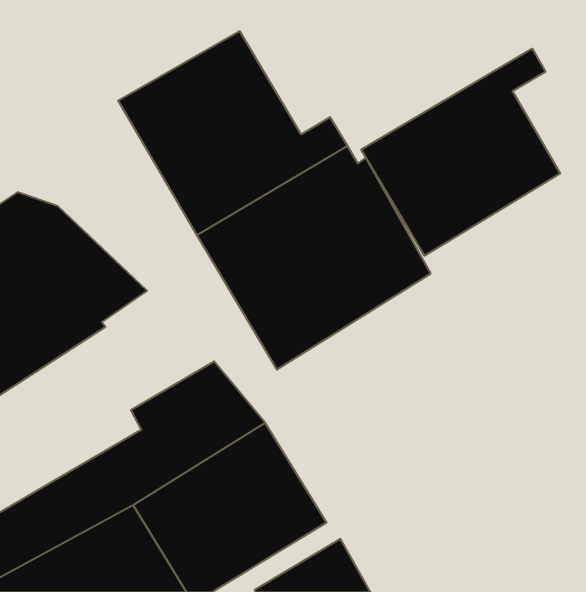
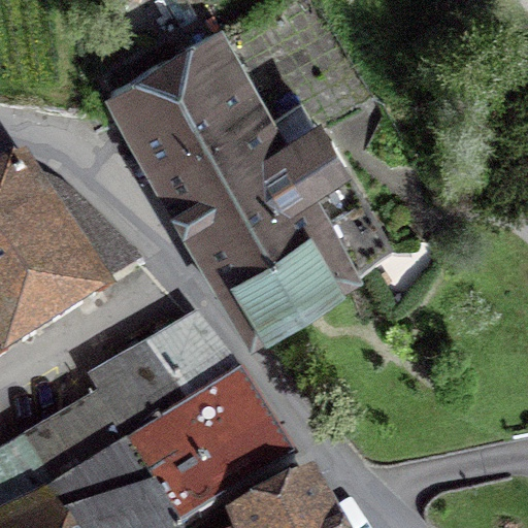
building: [361,49,560,256] -> none

